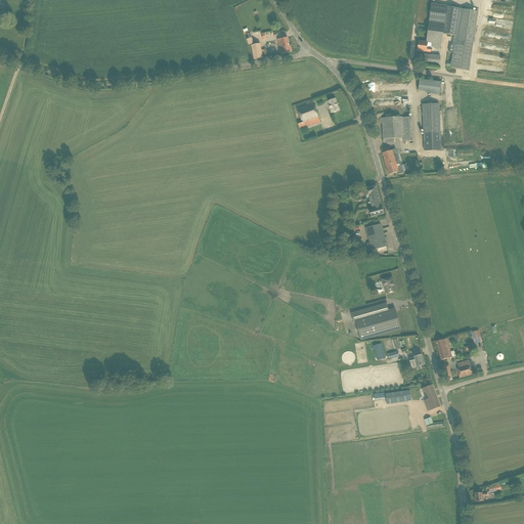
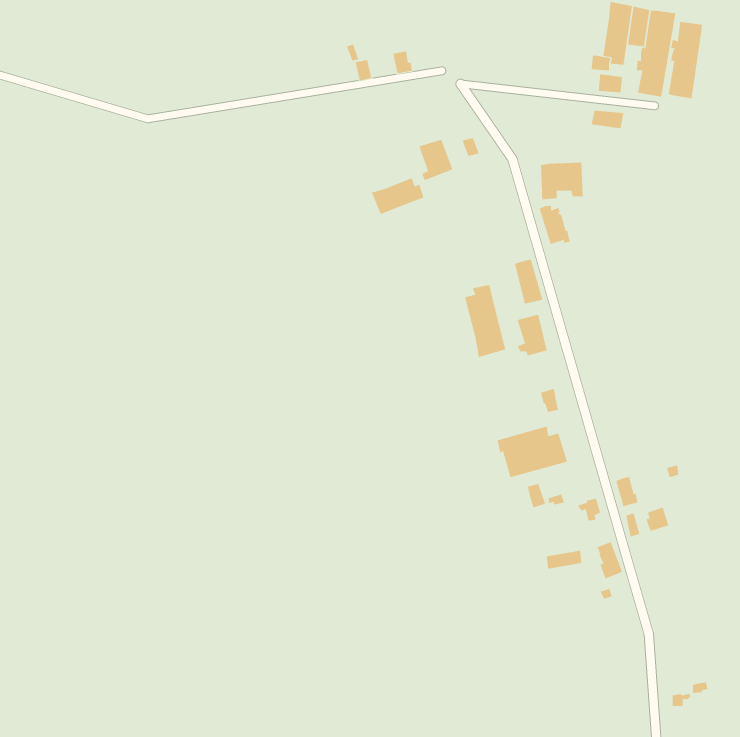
building: none -> [668,21,703,99]
building: [423,101,441,148] -> none
building: none -> [371,178,424,215]
building: none -> [464,284,506,358]

